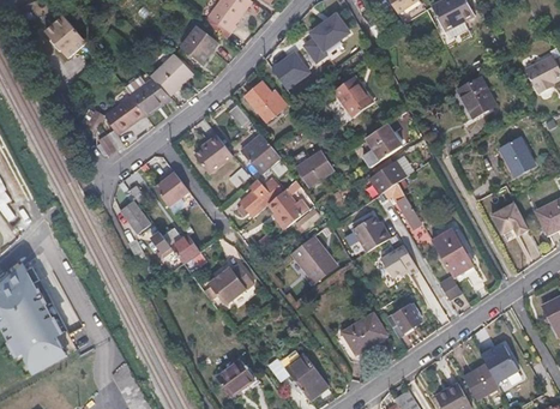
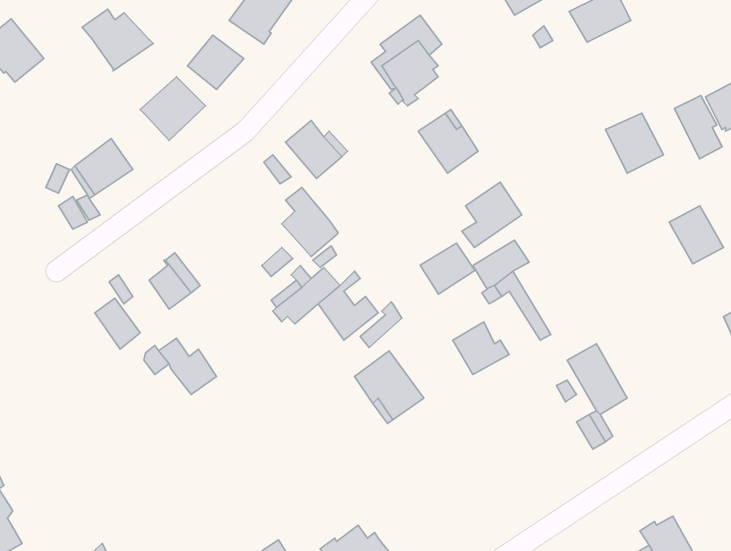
building: [272,52,308,89] -> none
building: none -> [674,96,722,159]
building: [125,76,171,116] -> [82,9,153,71]
building: [195,136,234,174] -> none
building: [297,152,333,186] -> [420,243,475,294]
building: [492,204,529,237] -> none
building: [383,246,419,277] -> none
building: [209,264,254,306] -> none
building: [387,305,421,336] -> none
building: [343,313,387,354] -> none

